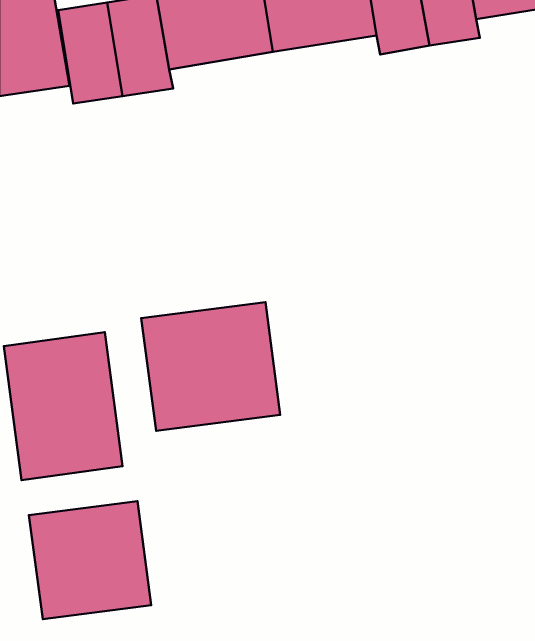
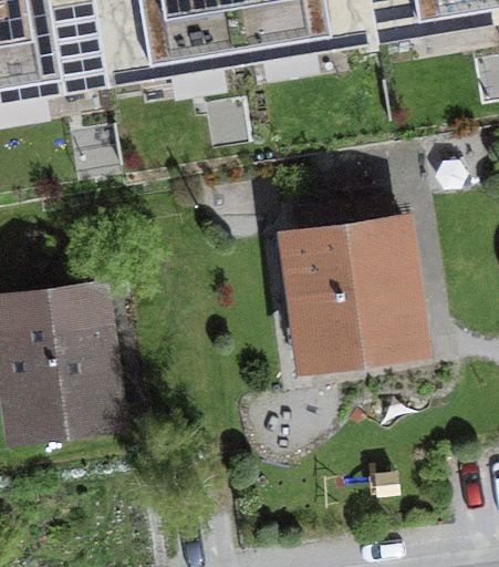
building: none -> [279,198,415,353]
building: [141,302,280,431] -> none
building: [29,501,151,619] -> none

